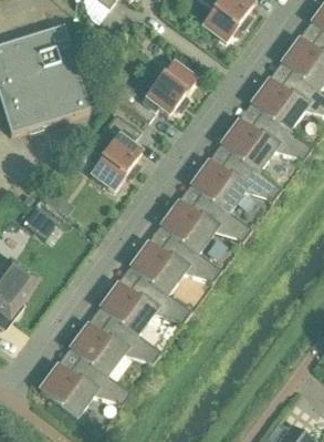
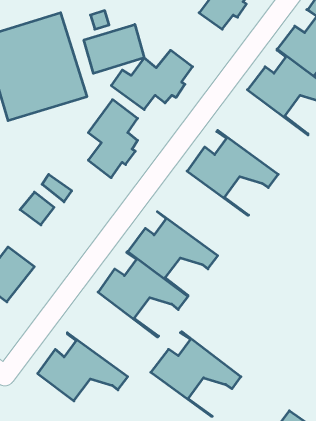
building: none -> [84,24,144,73]
building: [221,102,312,187] -> none
building: [160,184,251,269] -> none
building: [70,306,160,391] -> [151,332,241,416]

